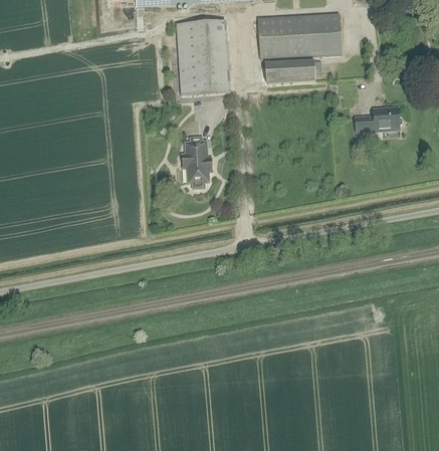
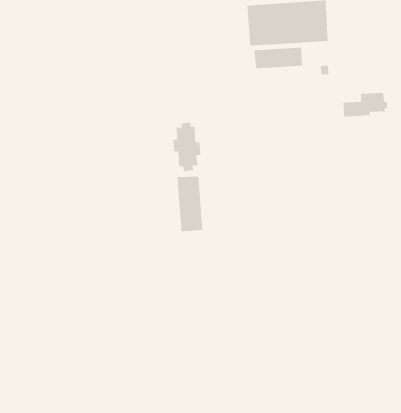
building: [177,20,229,94] -> none
building: none -> [177,176,203,232]

